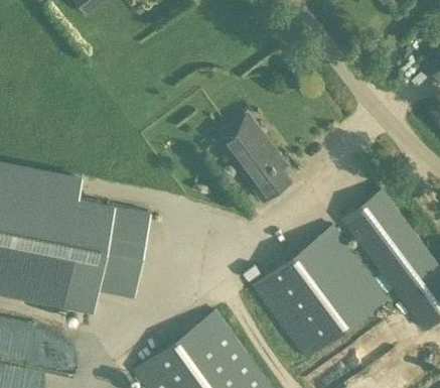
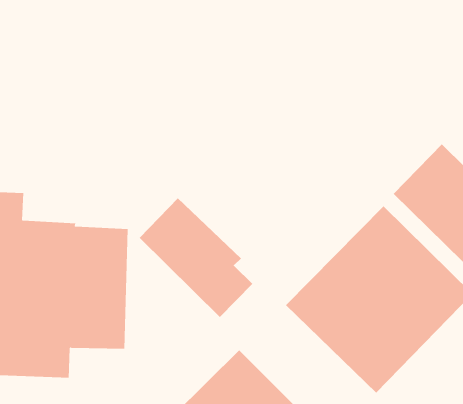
building: [215,114,291,204] -> [139,197,253,318]

